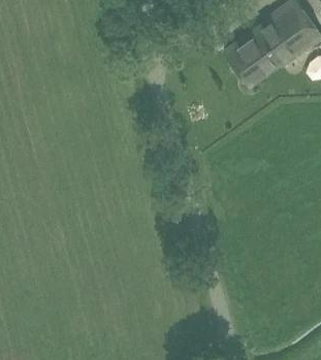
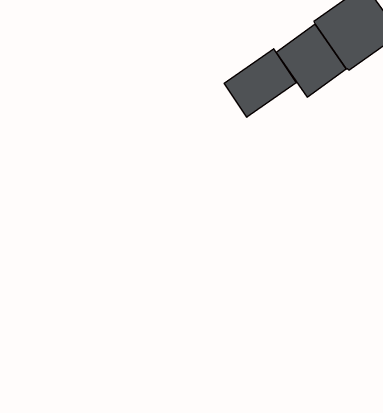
building: none -> [224,49,296,117]

